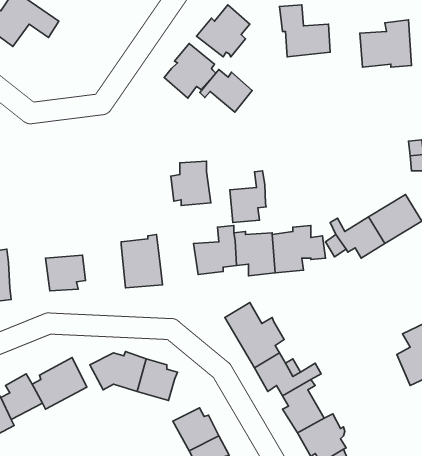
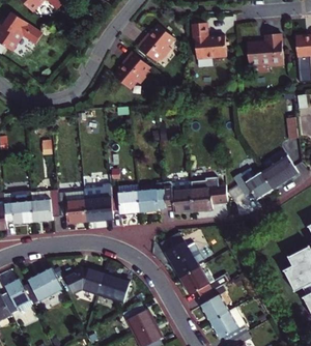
building: [200,69,252,112] -> none
building: [171,161,211,206] -> [111,182,139,213]
building: [230,171,266,222] -> none
building: none -> [58,191,88,223]
building: none -> [6,200,35,225]

